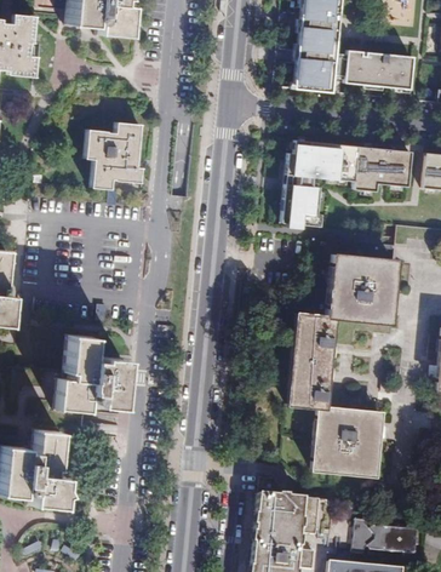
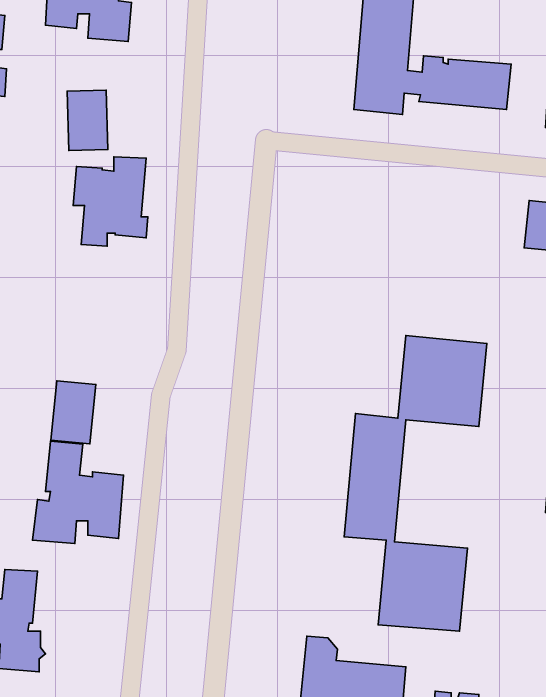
building: none -> [67,90,108,151]
building: [286,145,412,229] -> none
building: none -> [51,381,96,444]

